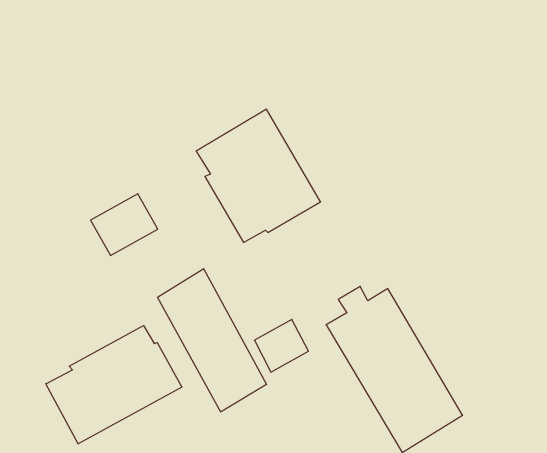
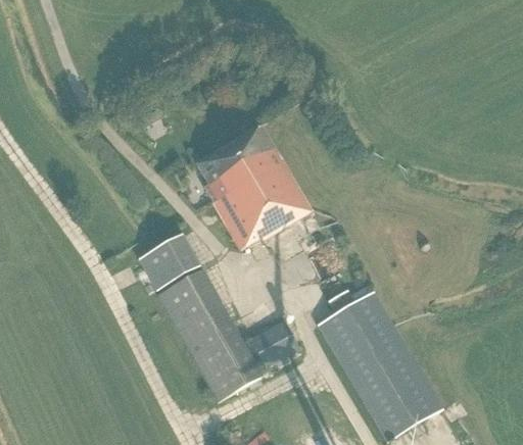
building: [91,194,158,255] -> [138,232,200,289]
building: [46,326,182,444] -> none

